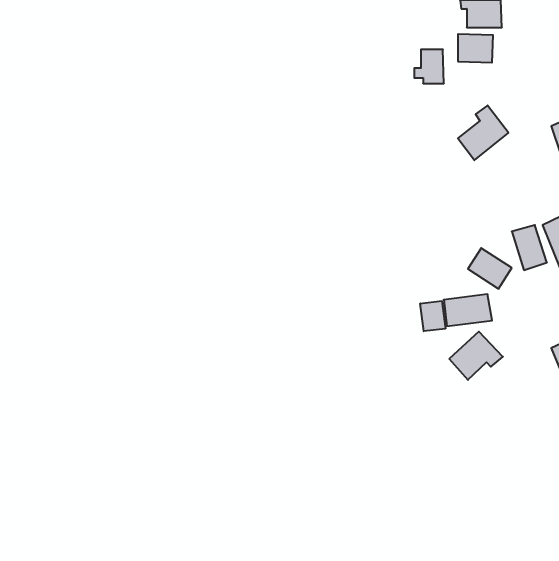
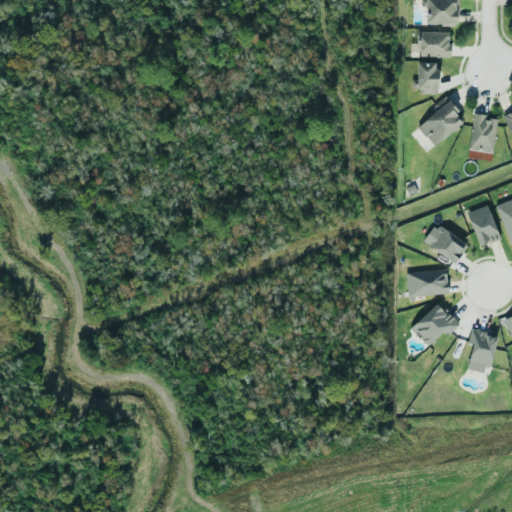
building: [414,49,444,83] -> [412,62,439,93]
building: none -> [470,114,498,152]
building: [420,301,445,331] -> none
building: none -> [467,329,498,374]

